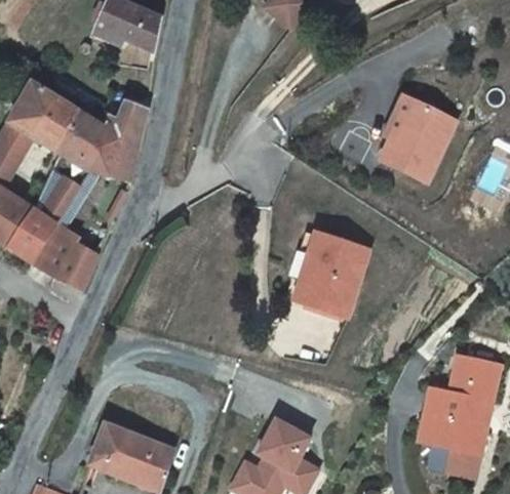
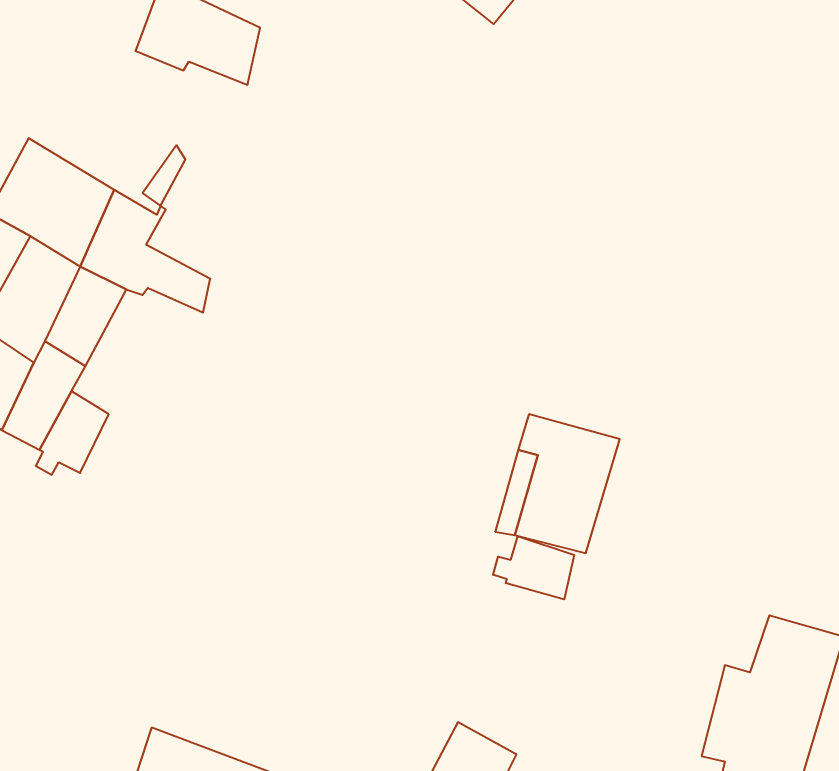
building: [381,96,453,181] -> none
building: [97,105,145,162] -> none
building: [60,240,100,287] -> none
building: none -> [493,536,574,599]

